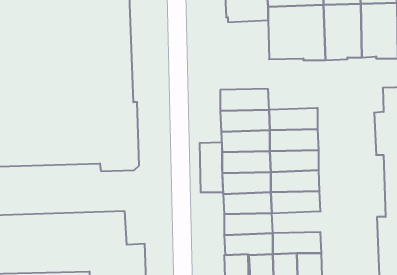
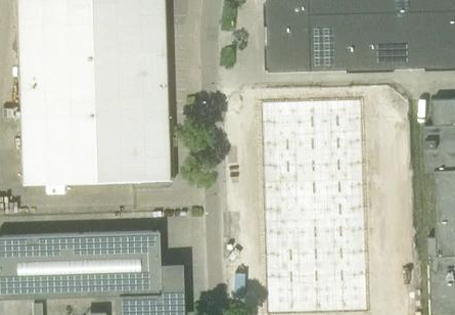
building: none -> [267,27,313,71]
building: none -> [312,98,365,123]
building: [200,142,223,193] -> none
building: none -> [316,231,368,255]

